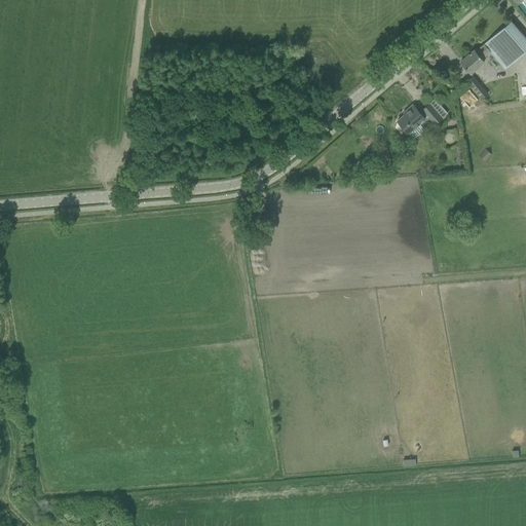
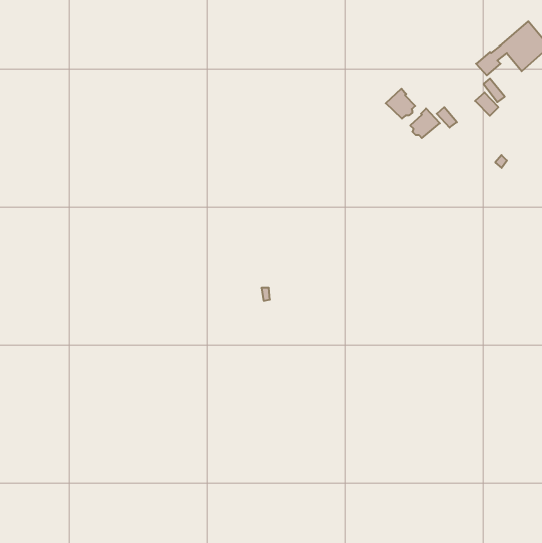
building: none -> [386,89,415,119]

